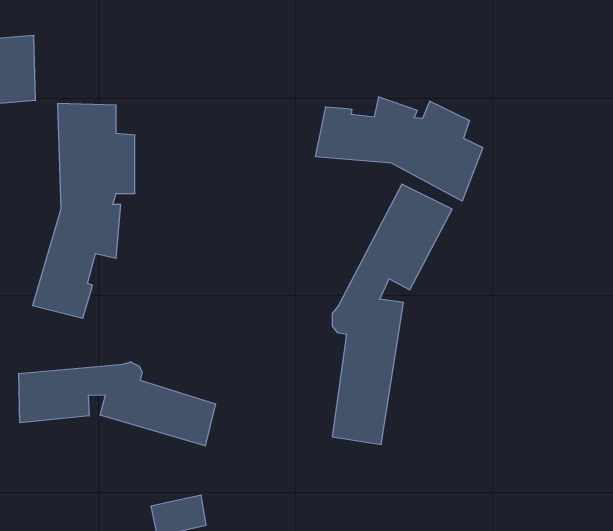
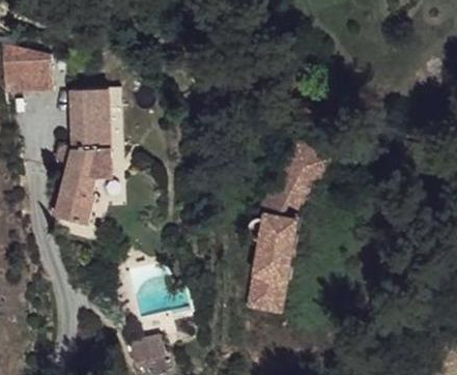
building: [316,97,483,201] -> none
building: [19,362,215,446] -> none

